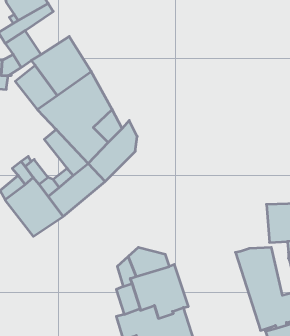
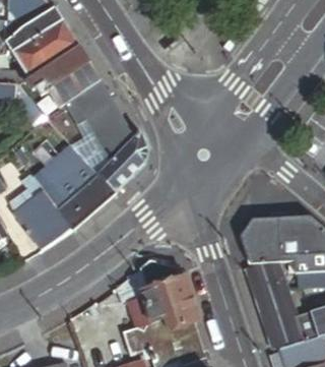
building: none -> [34,20,78,64]
building: none -> [241,217,283,264]

